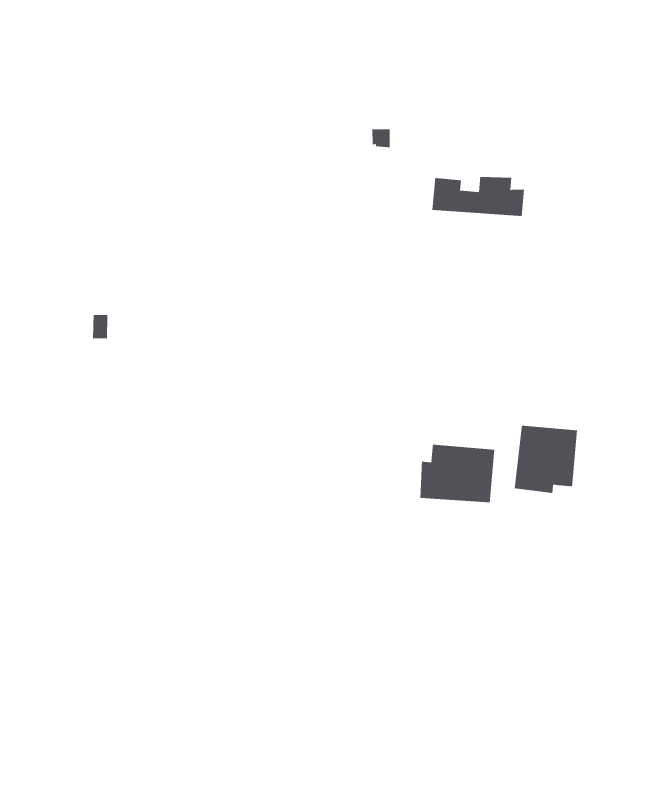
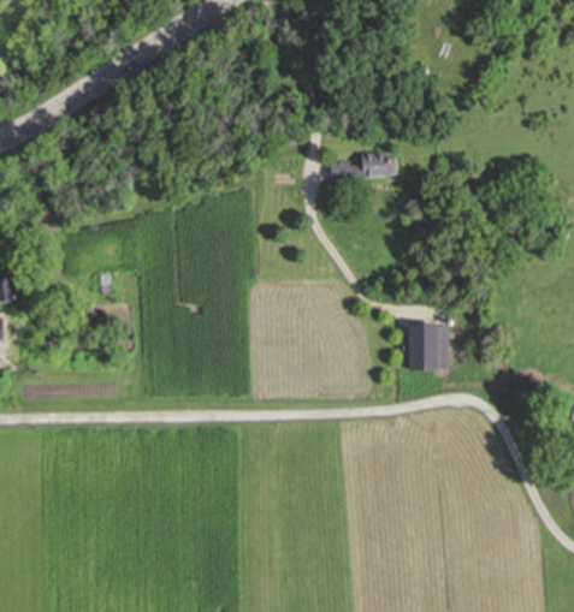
building: [420,444,495,503] -> none

